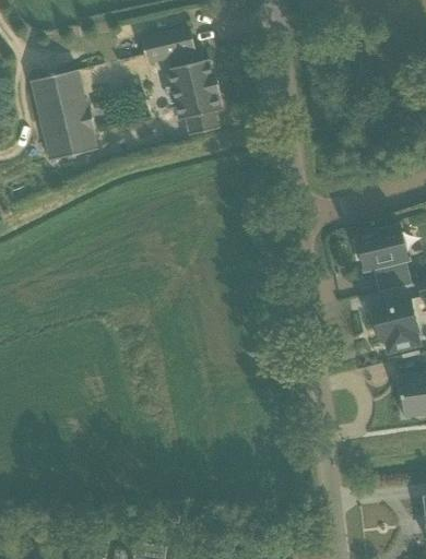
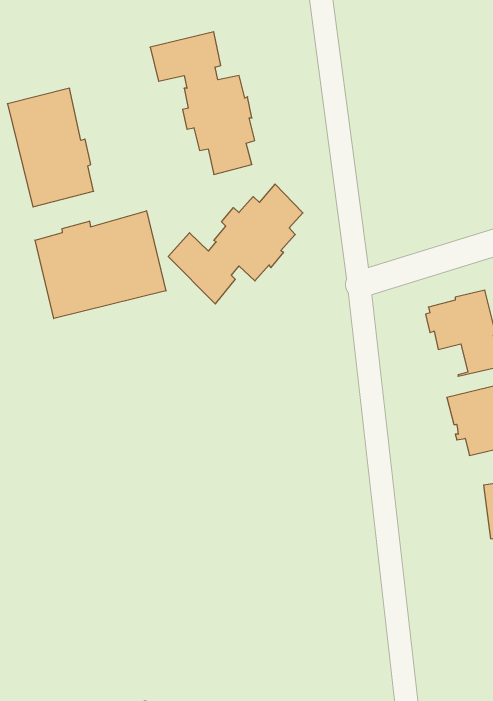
building: none -> [168,184,303,304]
building: none -> [35,211,166,319]

